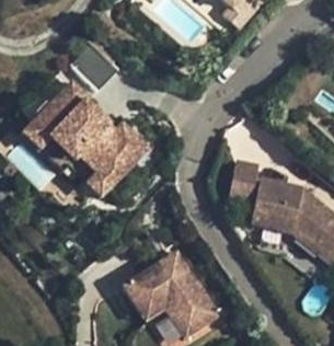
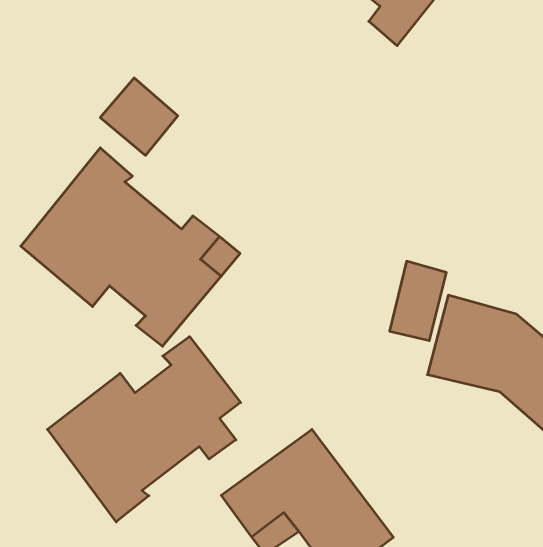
building: none -> [47,337,241,522]

